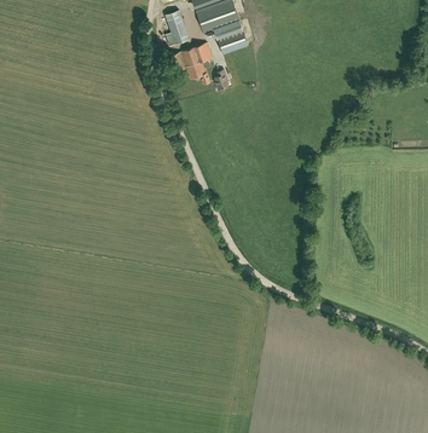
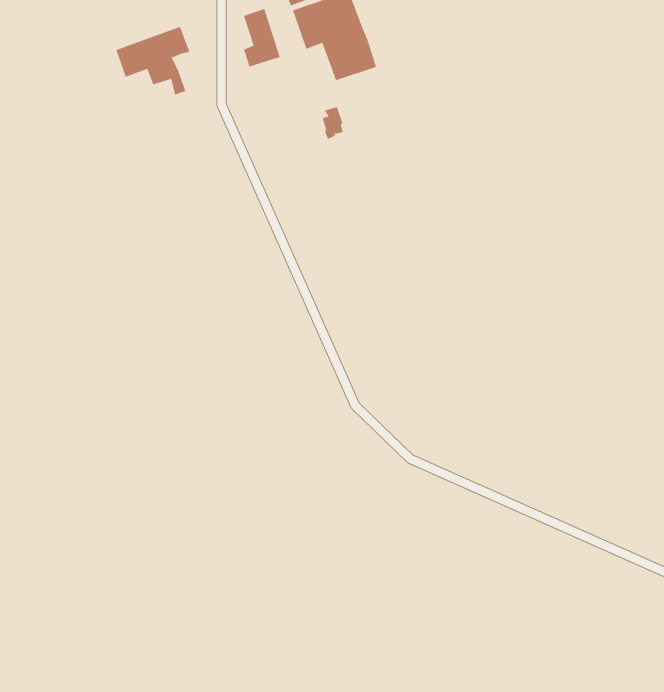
building: [167,42,213,85] -> [115,26,190,95]

